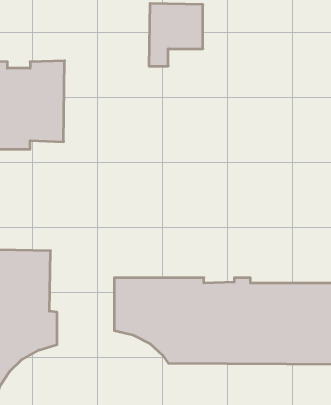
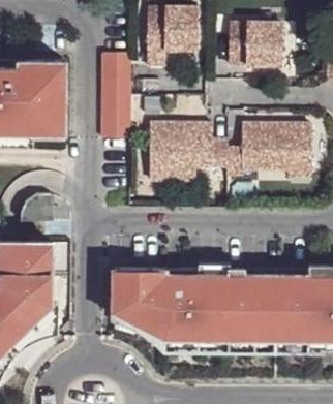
building: none -> [226,22,280,64]
building: none -> [100,52,128,137]
building: none -> [149,122,310,180]

